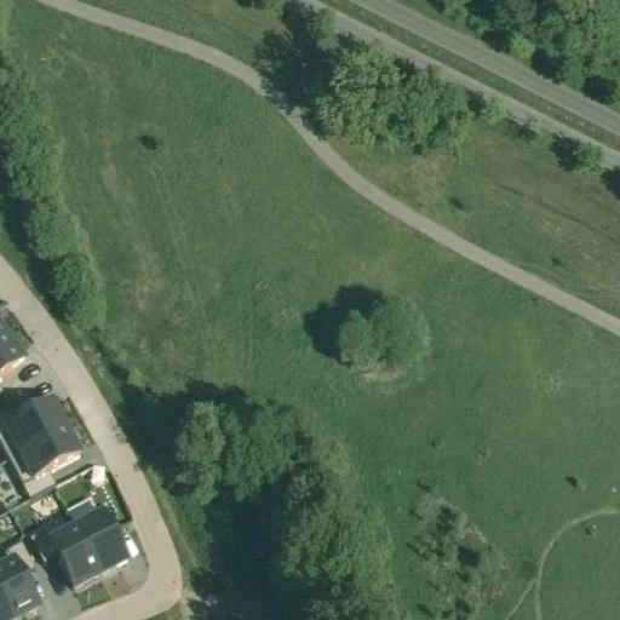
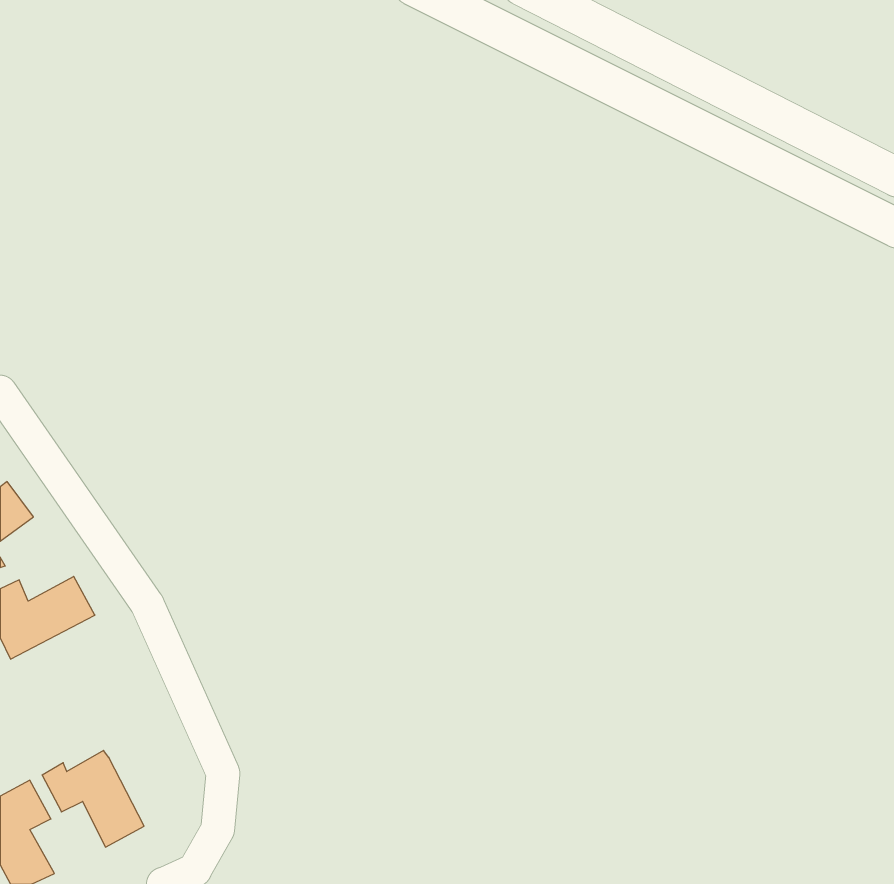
building: [10,424,82,495] -> none
building: [78,509,128,569] -> none

